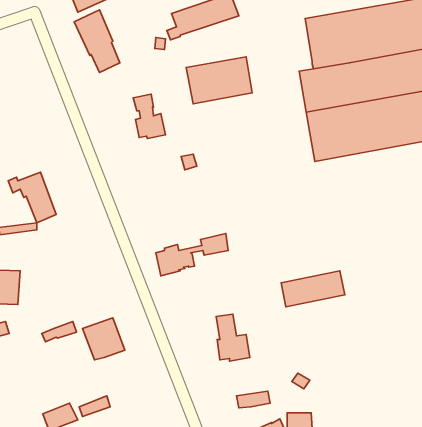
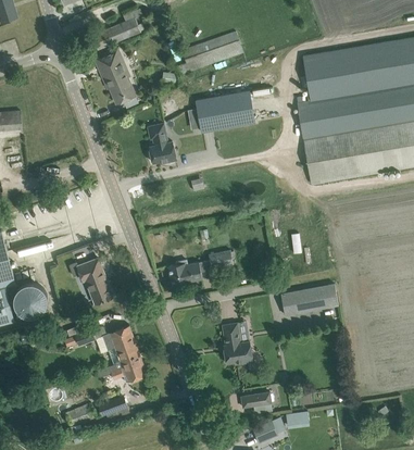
building: [8,172,56,223] -> [68,259,112,304]
building: none -> [108,355,147,383]

